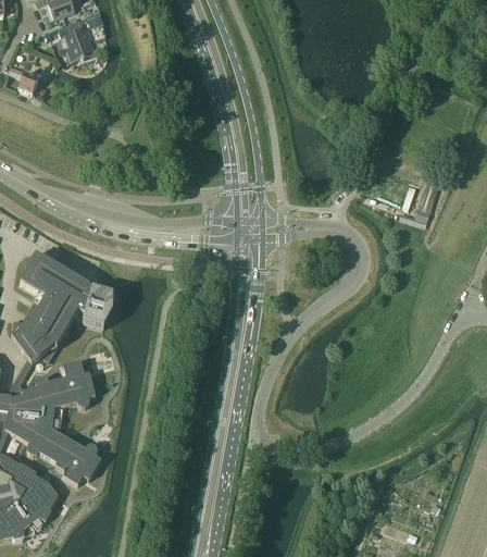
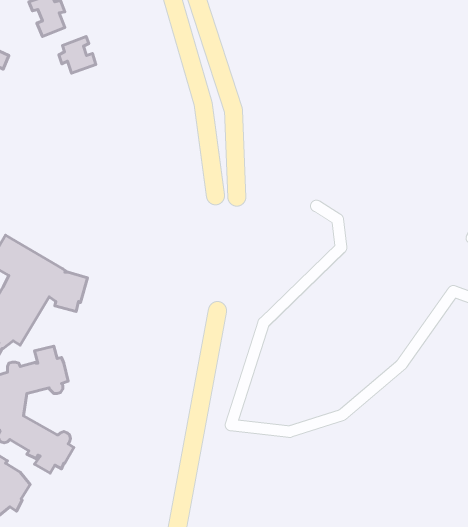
building: none -> [59,36,96,73]

